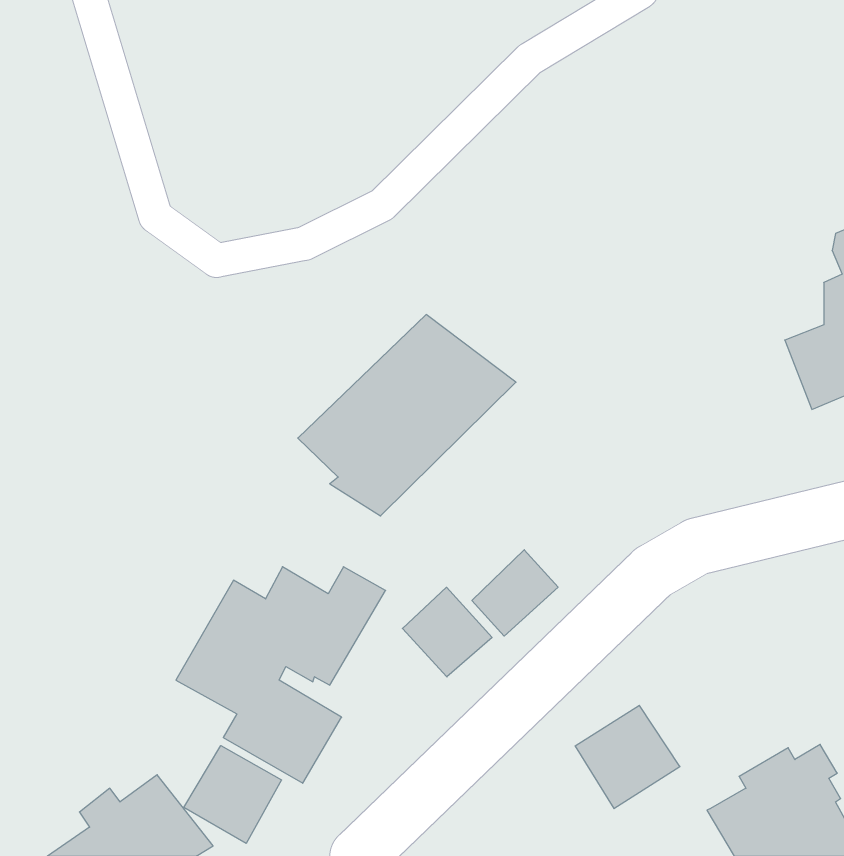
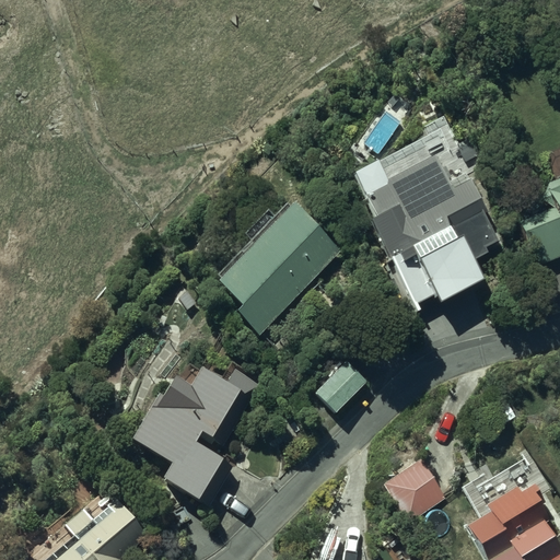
building: none -> [348,127,503,308]
building: [402,587,492,677] -> none
building: [184,746,282,843] -> none

